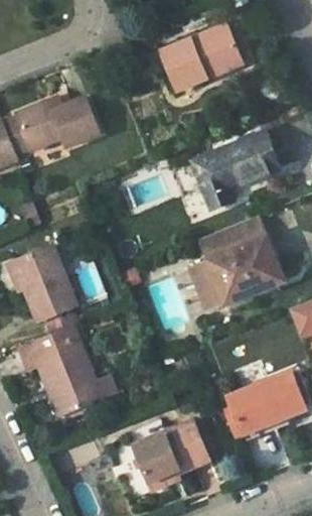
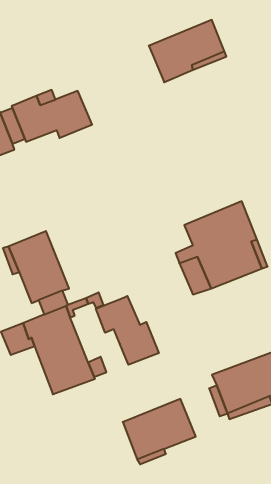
building: [190,132,280,210] -> none
building: none -> [96,296,159,365]

